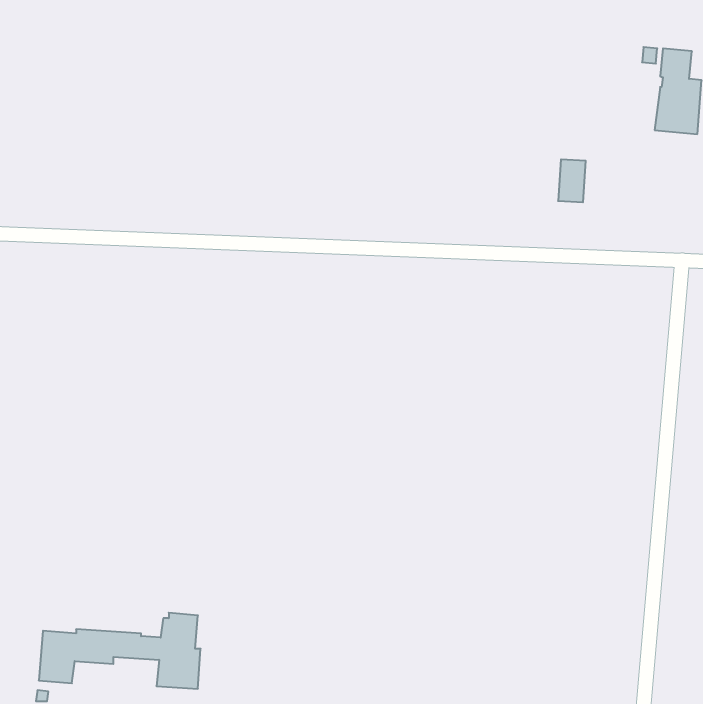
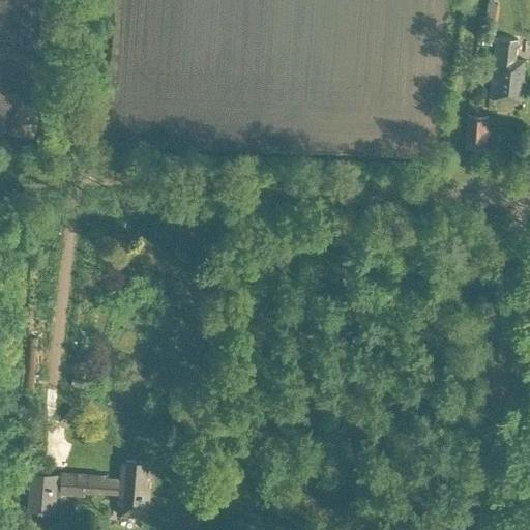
building: [558,159,586,202] -> [470,116,491,148]

